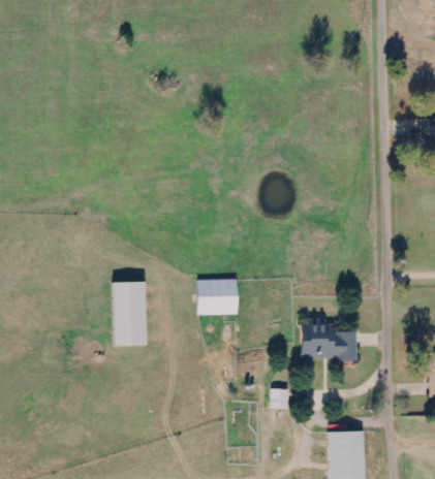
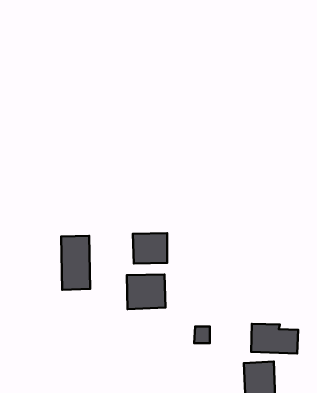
building: [301,324,356,359] -> [251,324,298,353]
building: none -> [127,274,165,309]

